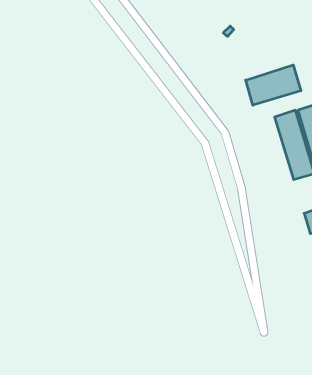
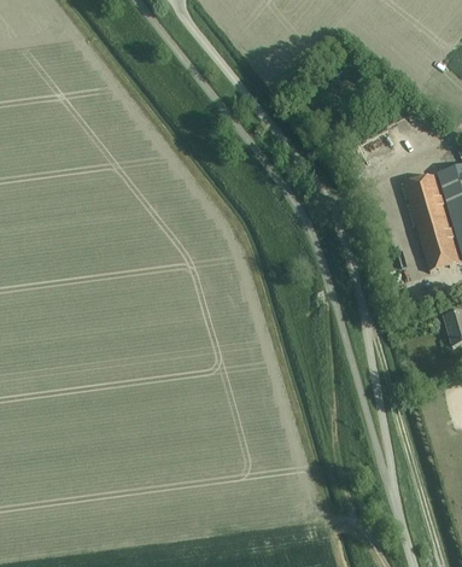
building: [246,65,301,105] -> none

